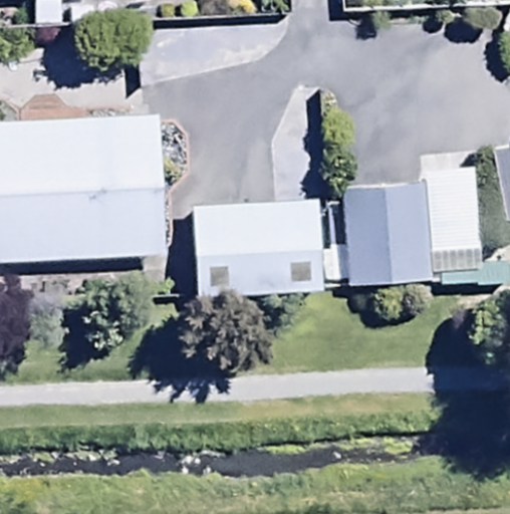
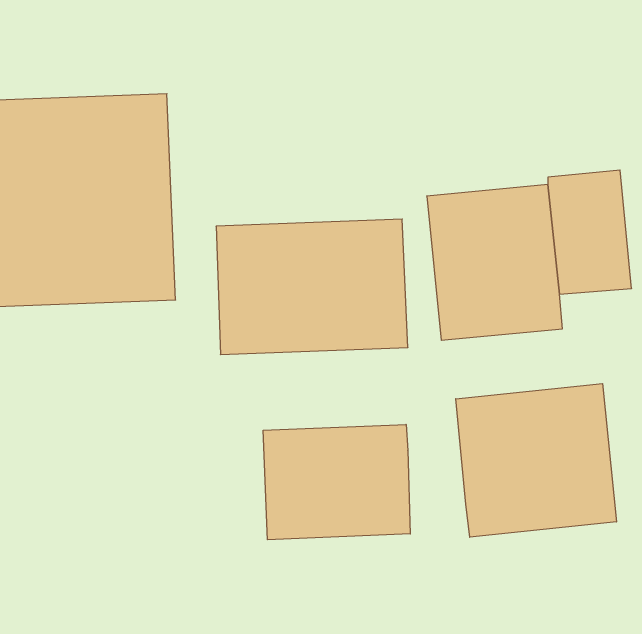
building: none -> [456,384,616,537]
building: none -> [263,424,410,540]

